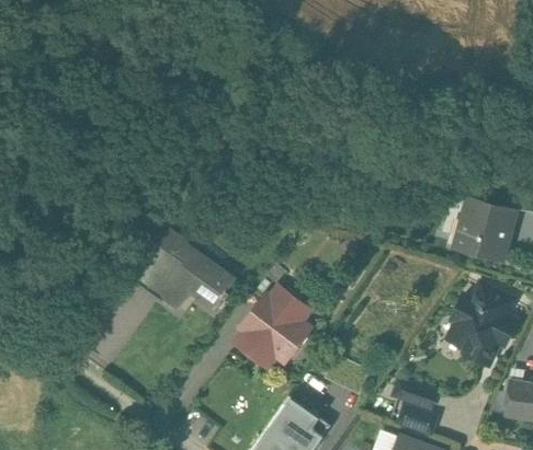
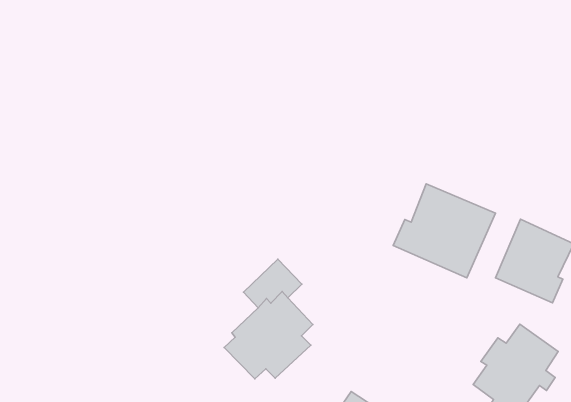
building: none -> [393,184,495,278]
building: [126,224,237,311] -> none

